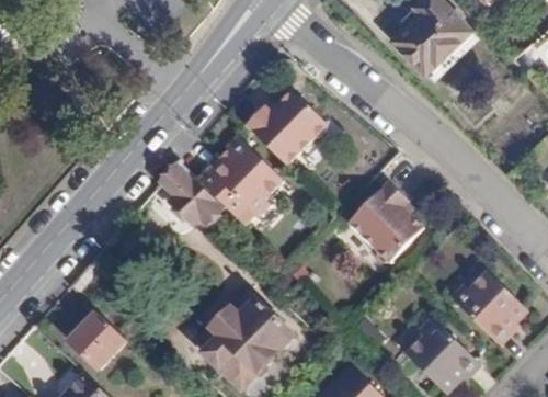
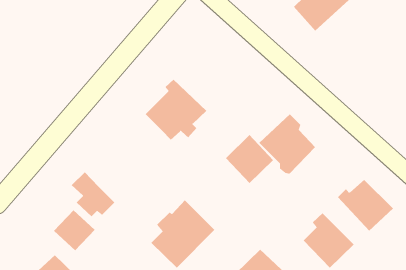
building: [242,88,326,165] -> none
building: [158,165,217,226] -> [71,171,115,217]
building: none -> [225,134,274,184]

